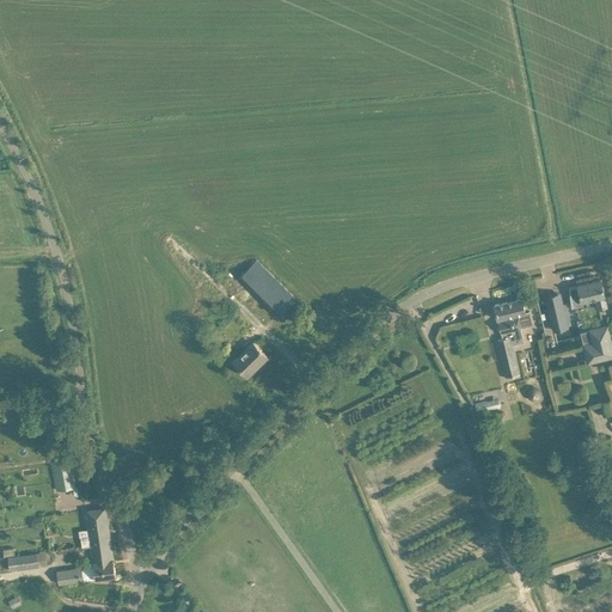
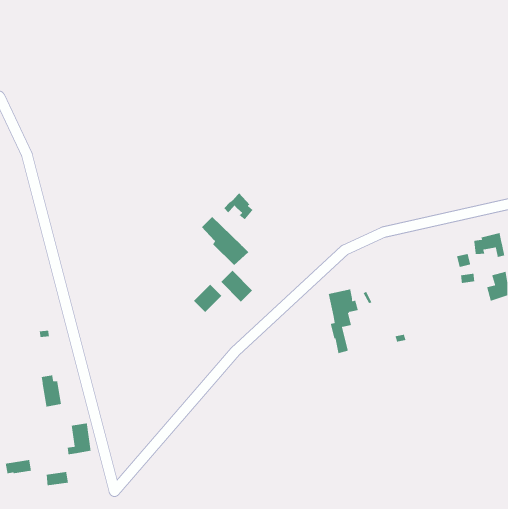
building: none -> [224,193,254,221]
building: [494,298,531,377] -> [328,289,359,354]
building: none -> [220,270,253,302]
building: [90,541,115,579] -> none

